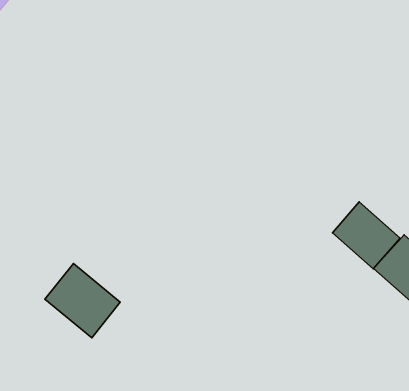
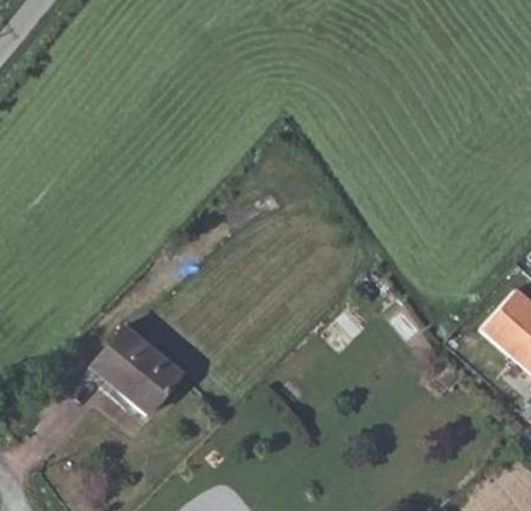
building: [333,202,400,269] -> none

